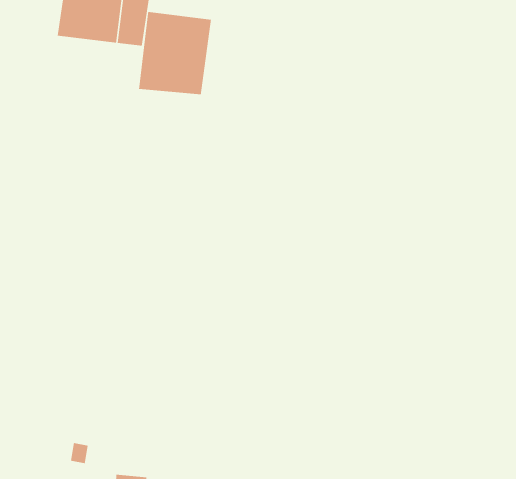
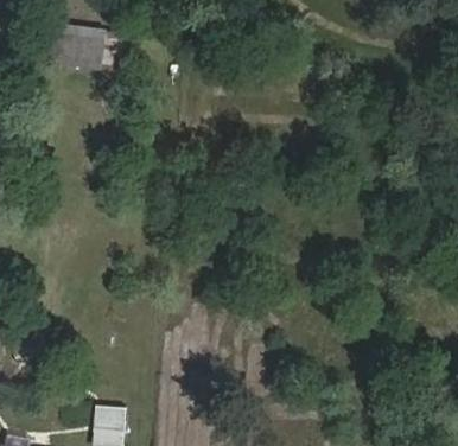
building: [139,11,212,95] -> none

